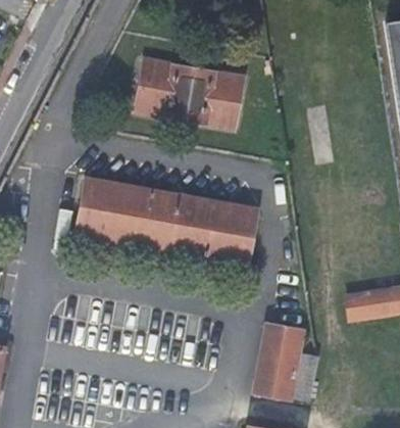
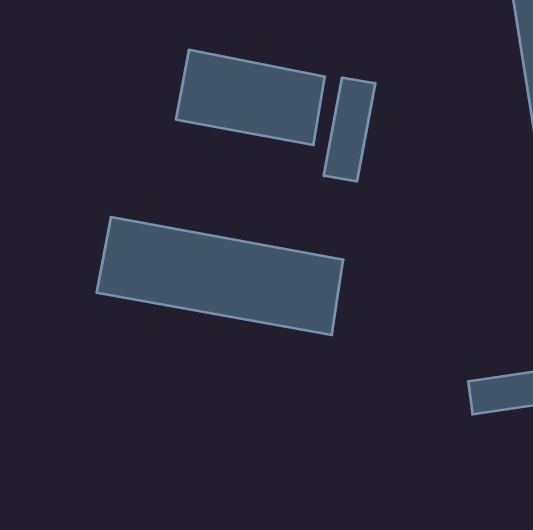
building: none -> [324,78,375,181]
building: [258,324,306,398] -> none

